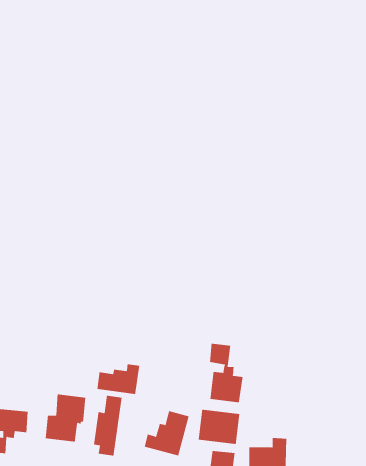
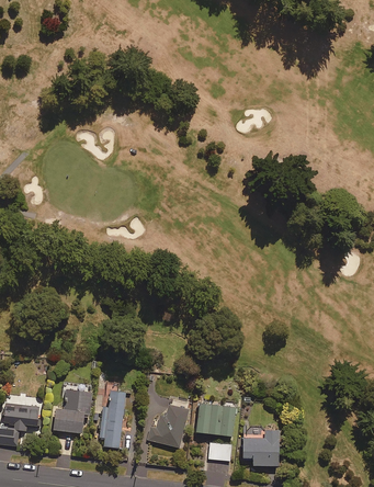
building: [210,343,243,403] -> none
building: [97,363,140,395] -> none

